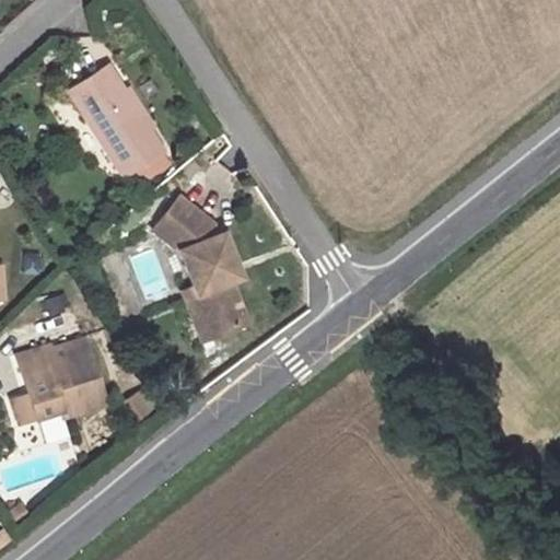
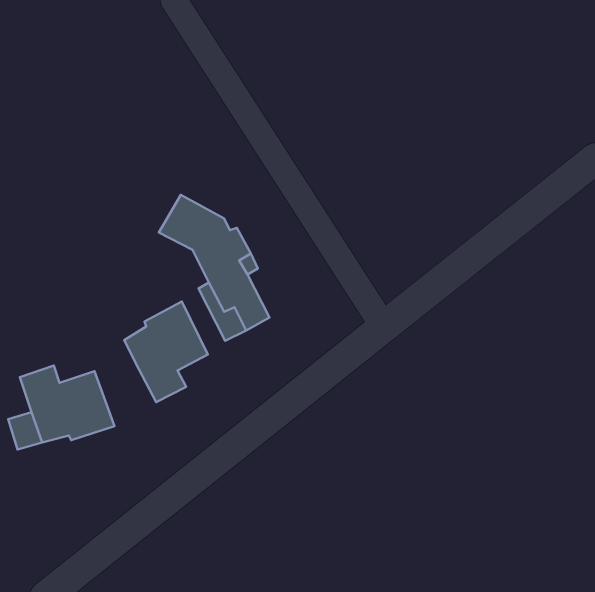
building: [67,68,165,178] -> none
building: none -> [124,301,208,402]

